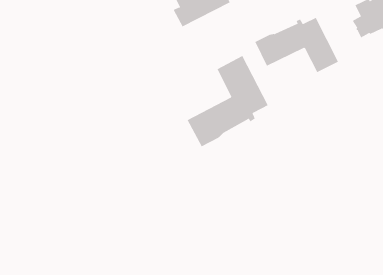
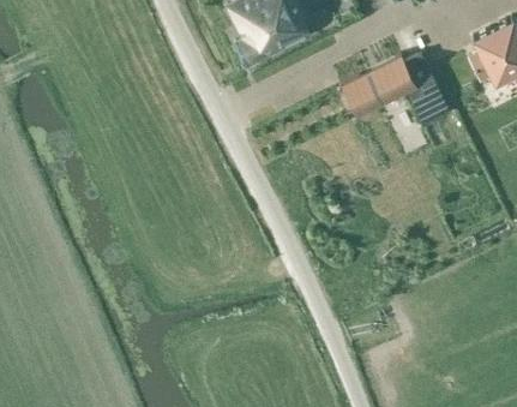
building: [187,55,268,147] -> none

